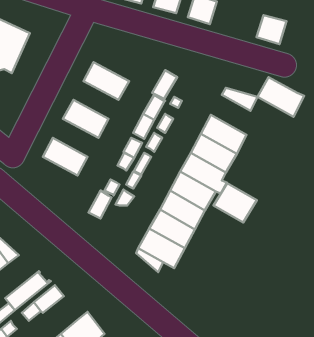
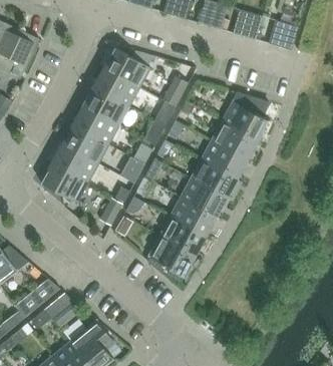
building: none -> [234,10,263,40]
building: none -> [103,48,150,87]
building: [258,77,304,117] -> [222,101,269,141]
building: none -> [83,87,128,125]
building: none -> [62,125,108,163]
building: none -> [41,163,87,203]
building: [214,183,257,222] -> none

